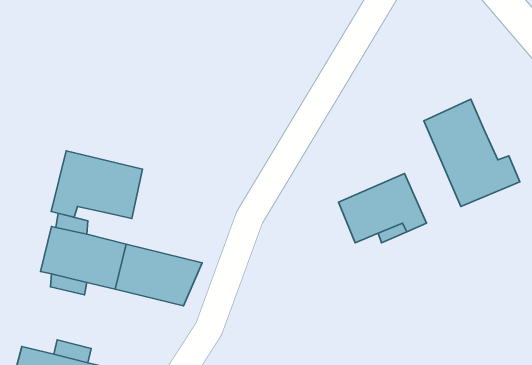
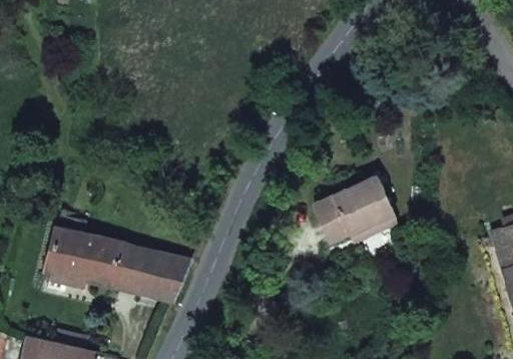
building: [424,99,520,207] -> none
building: [51,151,142,219] -> none

